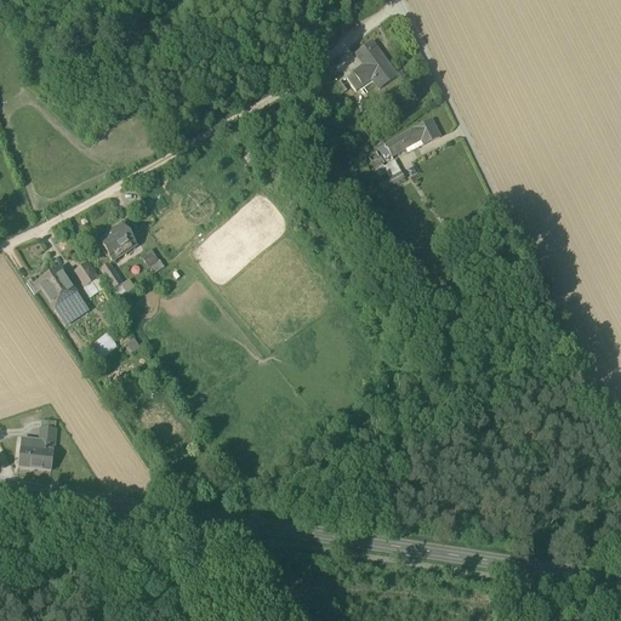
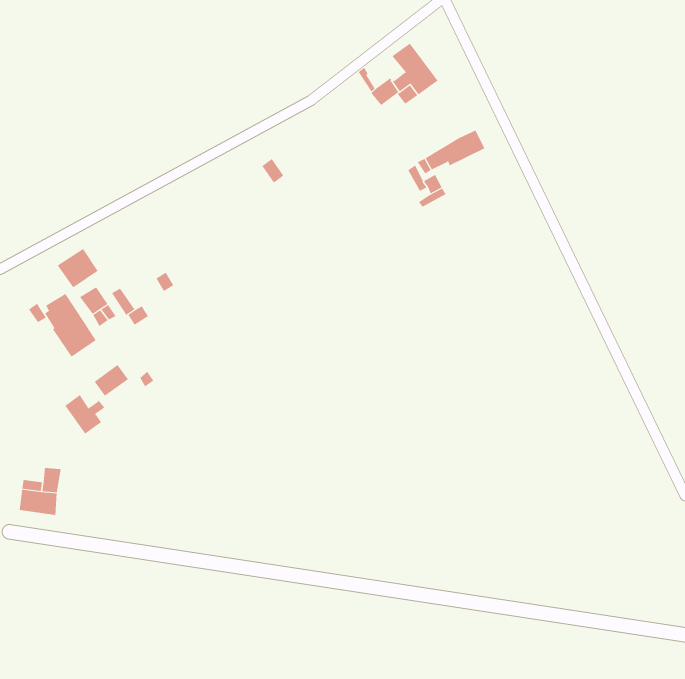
building: [98,222,136,258] -> [57,248,98,288]
building: none -> [65,394,105,435]

